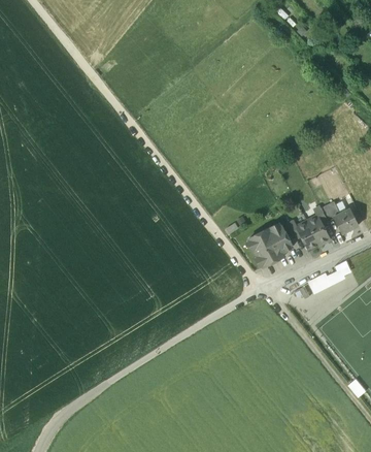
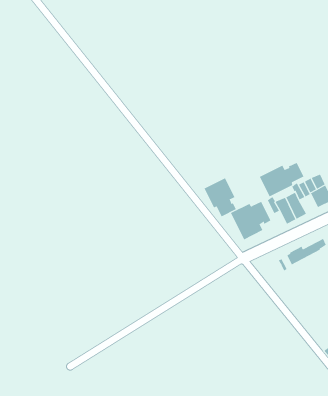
building: none -> [259,162,304,197]
building: none -> [204,178,237,217]

